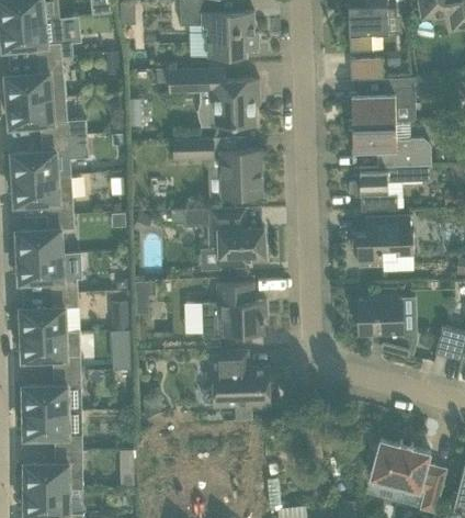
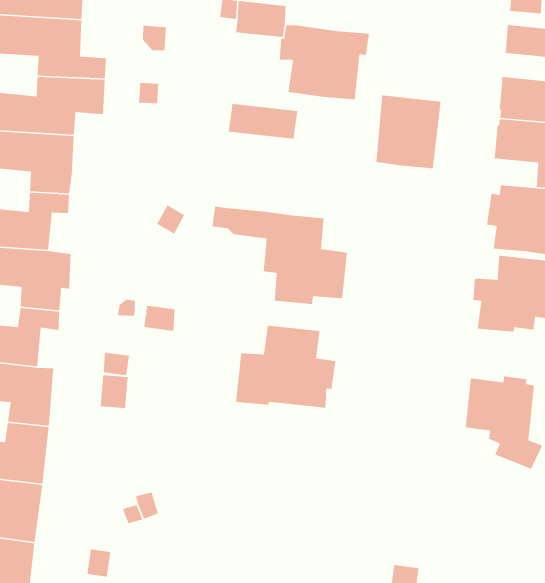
building: [220,150,262,198] -> [375,94,441,169]
building: [202,352,270,408] -> none

